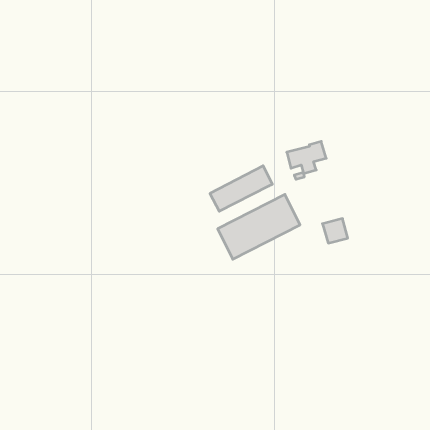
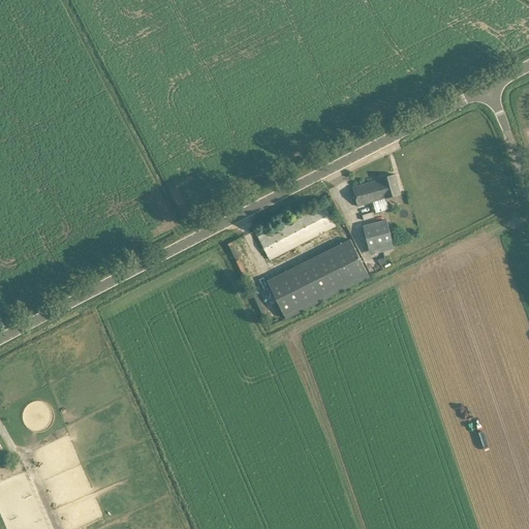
building: [322,219,348,243] -> [362,220,393,250]

